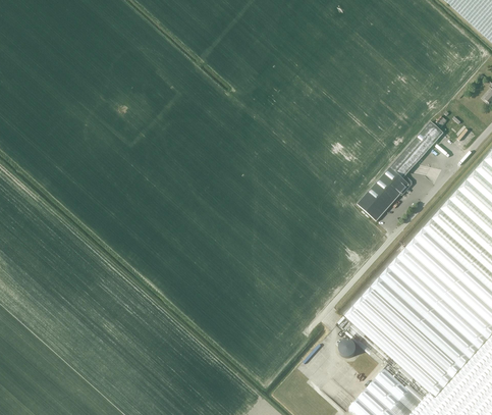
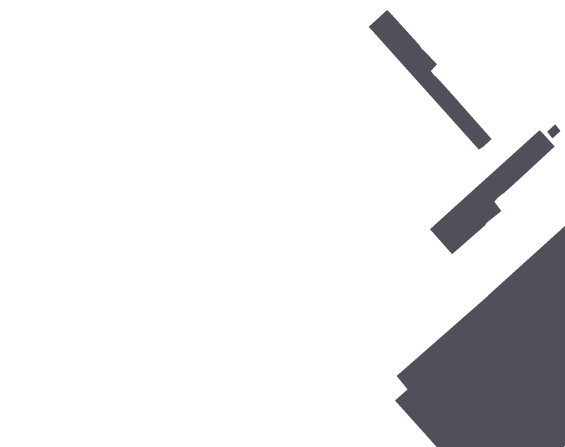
building: none -> [368,9,492,150]

